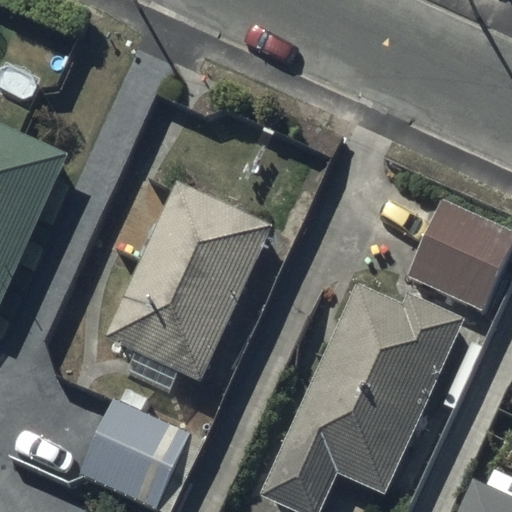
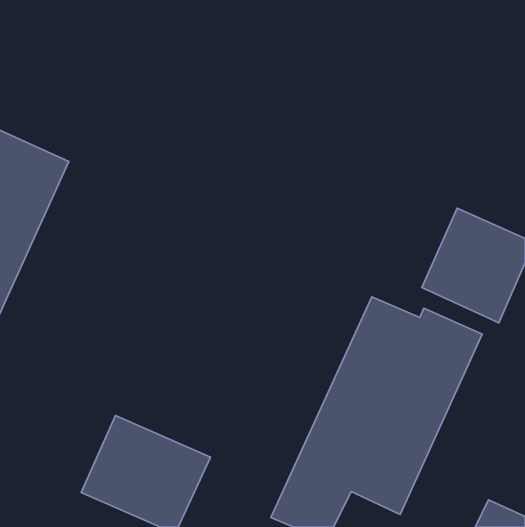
building: [103,179,275,393] -> none

